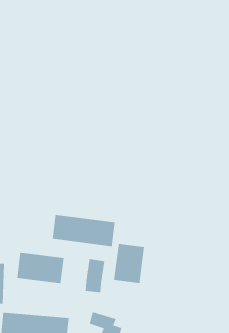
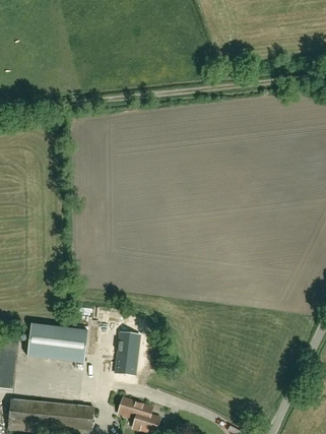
building: [52,214,115,247] -> none
building: [114,243,145,284] -> none

